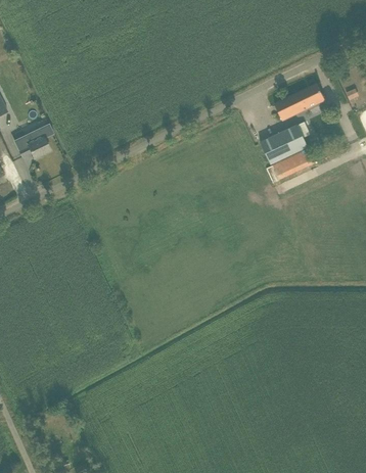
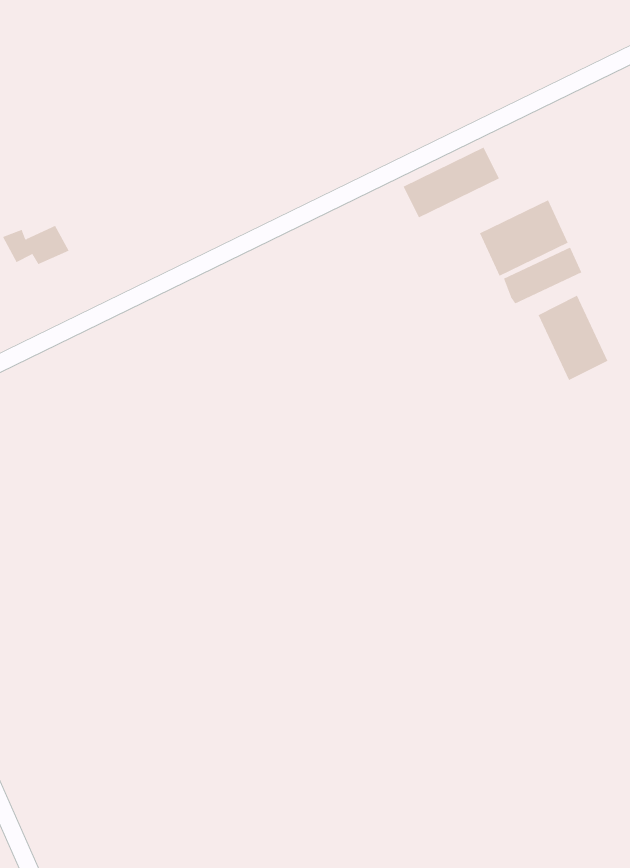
building: [274,82,324,119] -> [403,147,500,218]
building: none -> [538,295,608,381]

